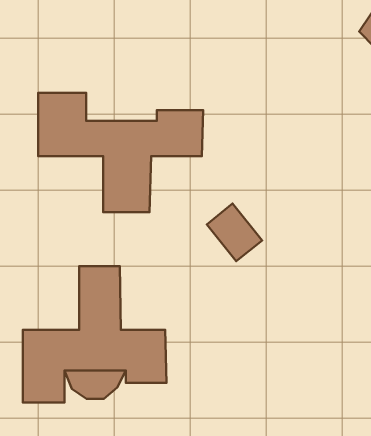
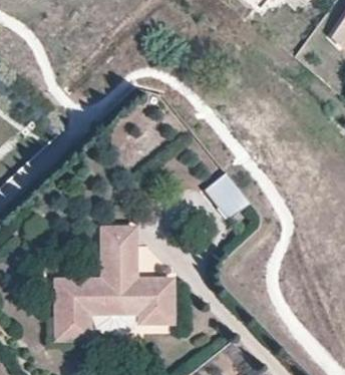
building: [38,93,203,212] -> none

